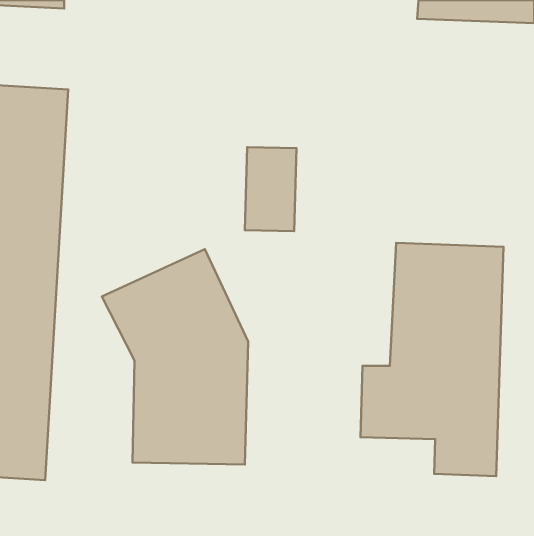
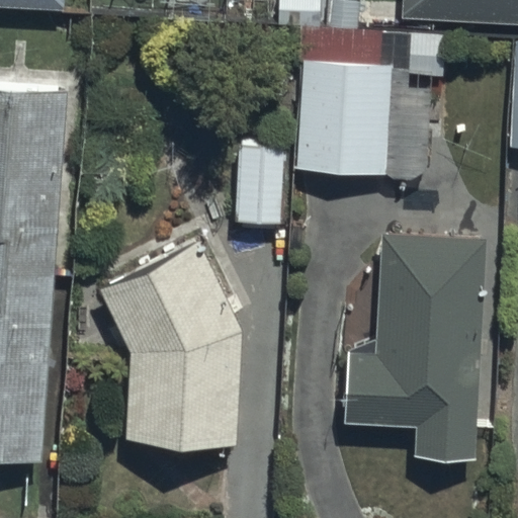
building: none -> [293,26,391,174]

